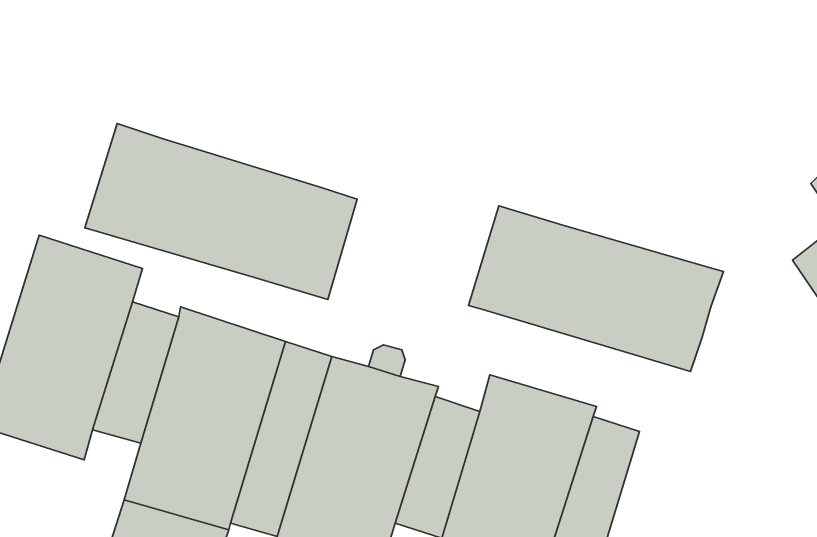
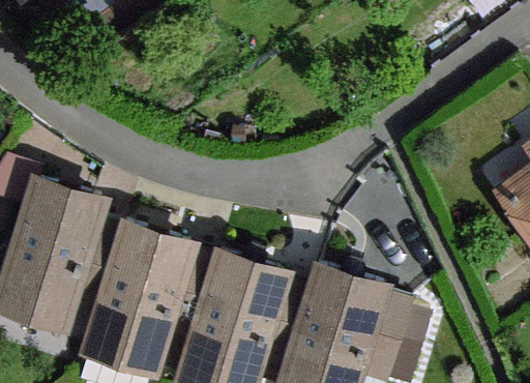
building: [85,124,357,299] -> none
building: [469,206,723,372] -> none

